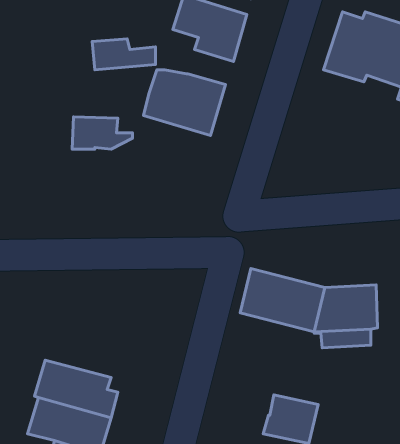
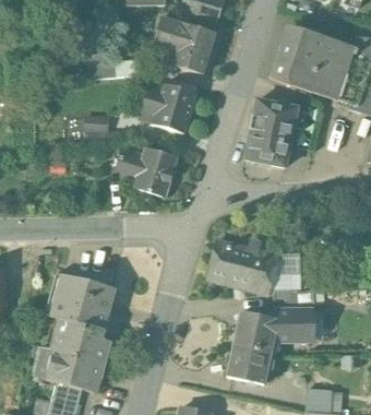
building: none -> [246,97,308,166]
building: none -> [115,147,178,195]
building: none -> [47,272,115,329]
building: none -> [236,309,314,351]

